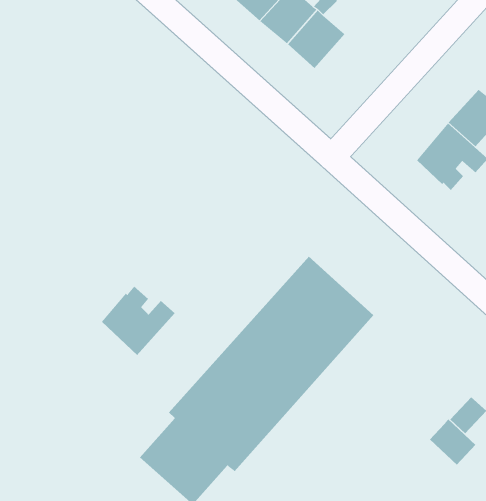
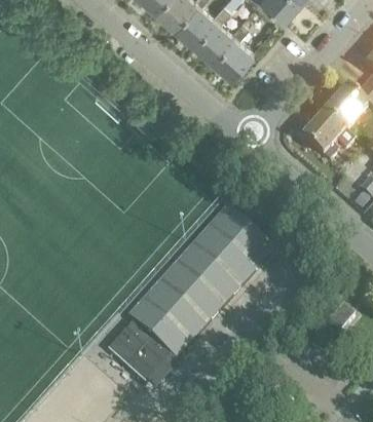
building: [101,286,175,356] -> none
building: [429,419,476,466] -> none

